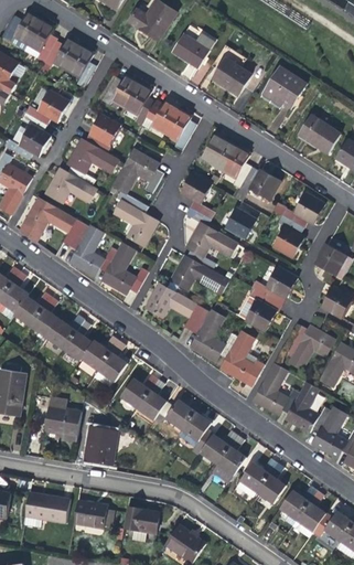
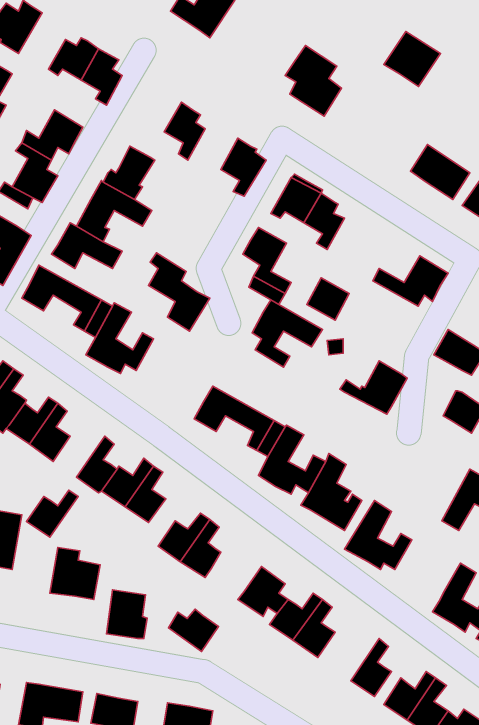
building: [24,22,56,62] -> none
building: [172,25,214,68] -> none
building: [266,68,305,107] -> [384,31,440,86]
building: [103,77,138,106] -> none
building: [142,103,178,132] -> none
building: [115,150,163,193] -> none
building: [235,167,280,202] -> none
building: [268,211,304,257] -> none
building: [103,245,148,294] -> none
building: [172,257,221,289] -> none
building: [245,289,282,331] -> none
building: [47,316,84,349] -> [26,490,78,537]
building: [285,324,334,369] -> none
building: [286,383,332,431] -> none
building: [159,399,194,429] -> [168,609,219,651]
building: [237,458,277,498] -> none

